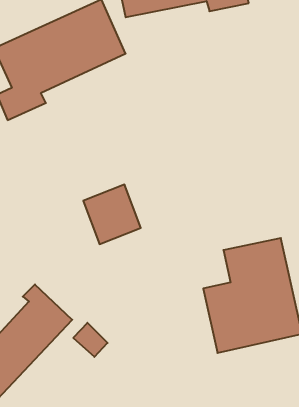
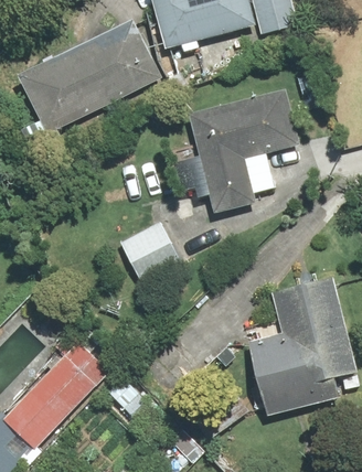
building: none -> [177,89,300,216]

